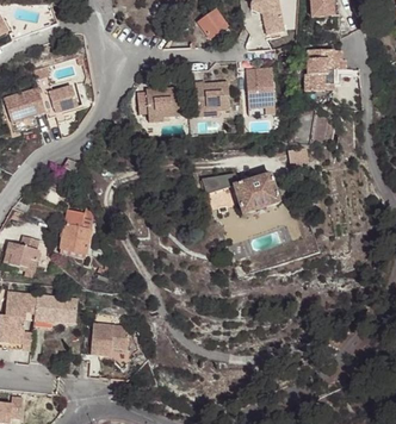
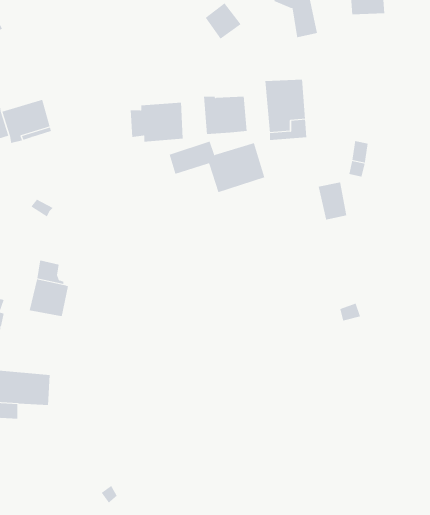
building: [303,51,345,93] -> none
building: [203,173,278,213] -> [169,141,265,193]
building: [91,323,129,356] -> none

